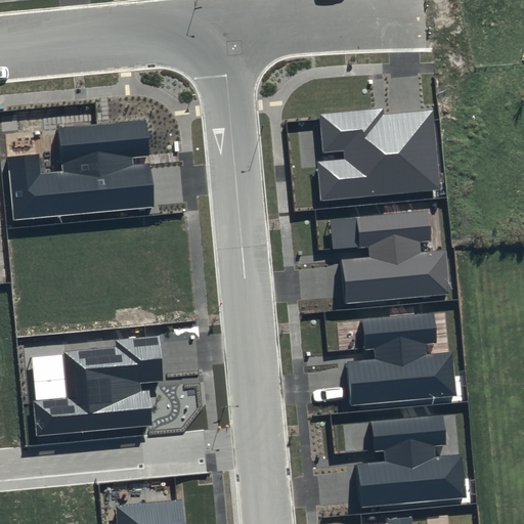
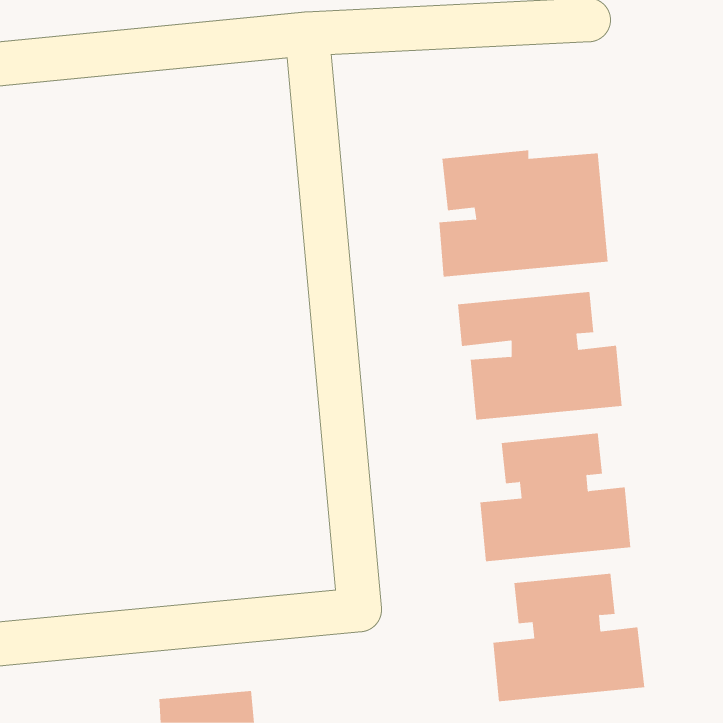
building: [6,120,154,221] -> none
building: [33,336,164,436] -> none

